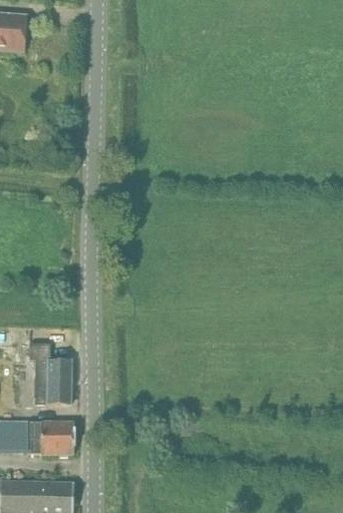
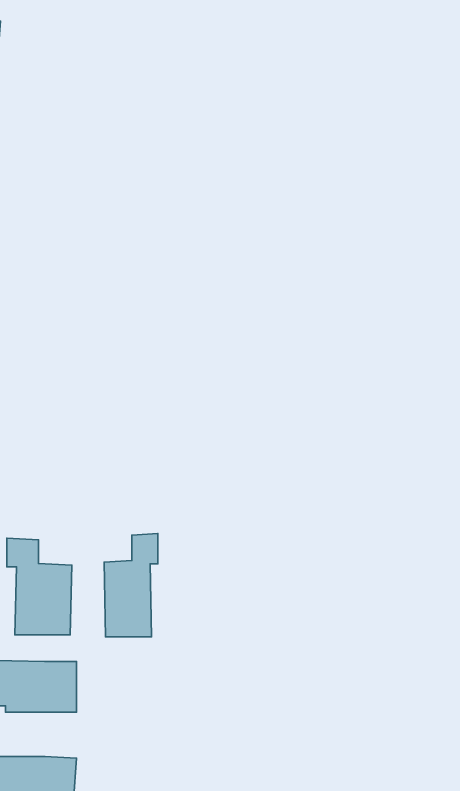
building: none -> [104,533,158,637]

